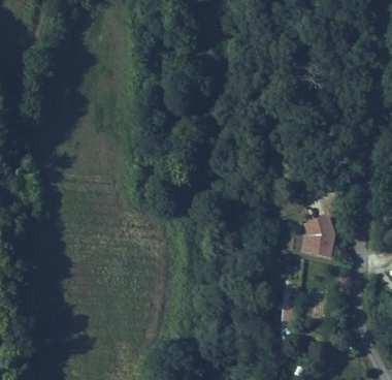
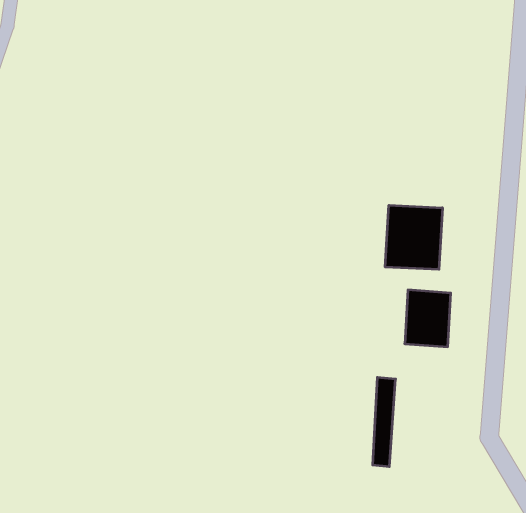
building: none -> [385,205,442,269]

